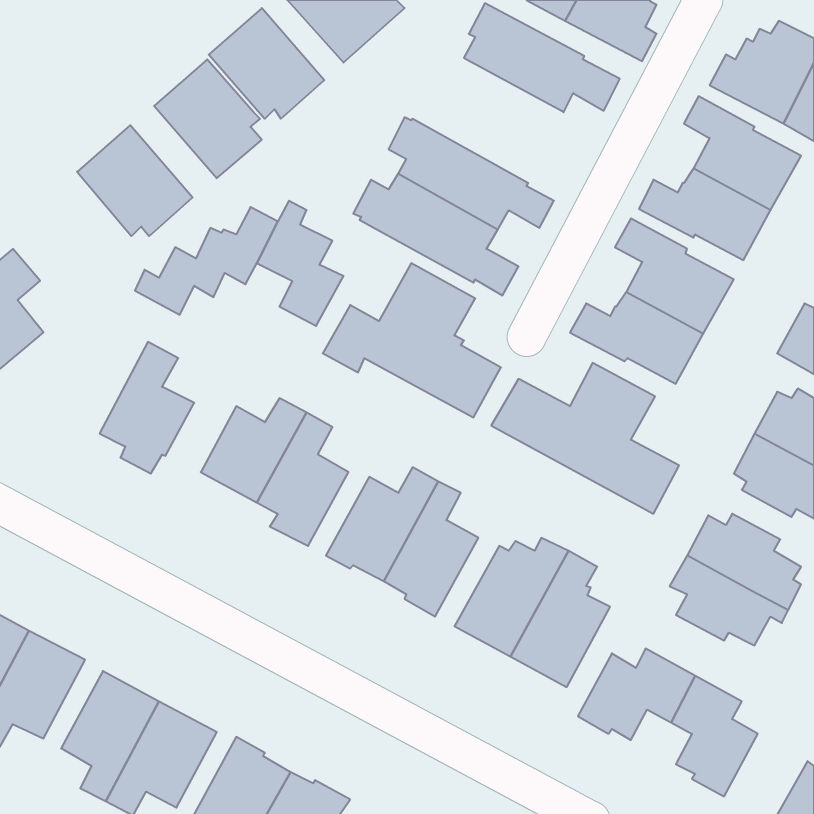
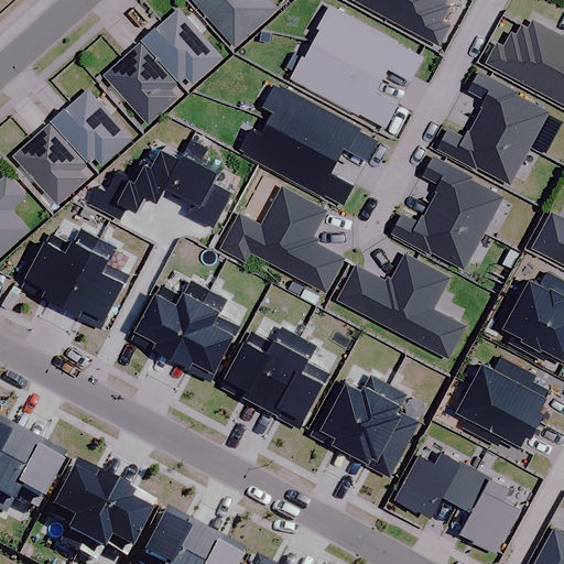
building: none -> [293,44,401,129]
building: none -> [15,126,88,207]
building: none -> [25,230,101,302]

